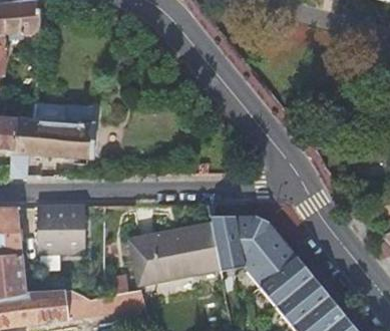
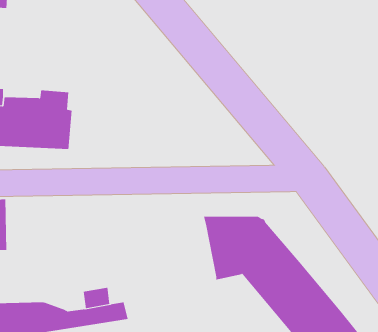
building: [39,205,84,252] -> none
building: [130,223,221,285] -> none

